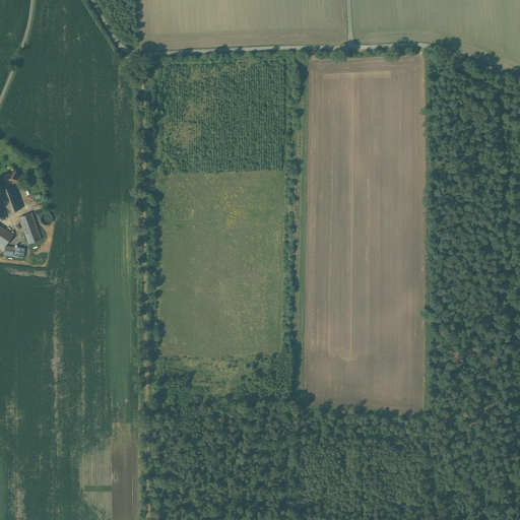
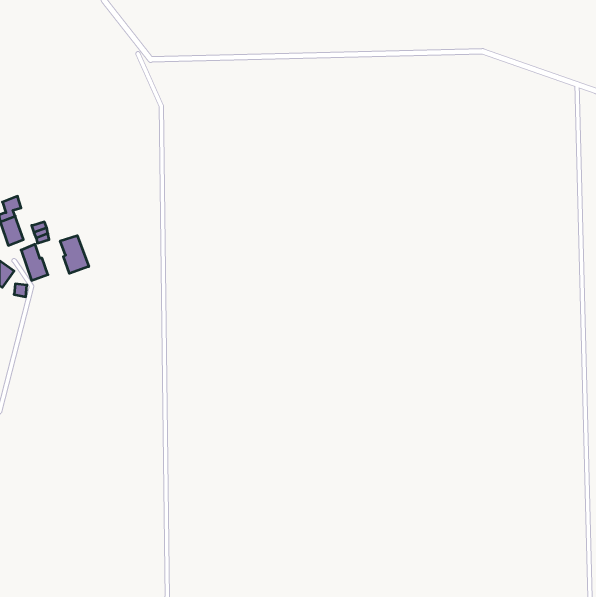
building: none -> [60,236,89,273]

